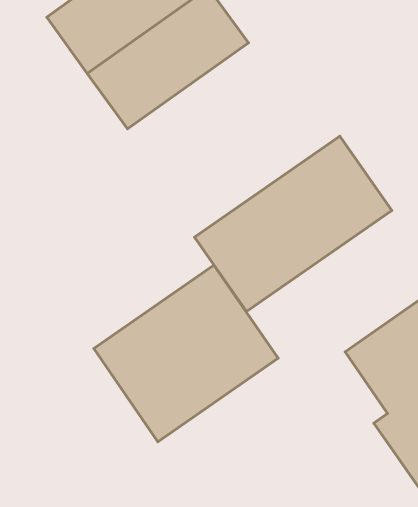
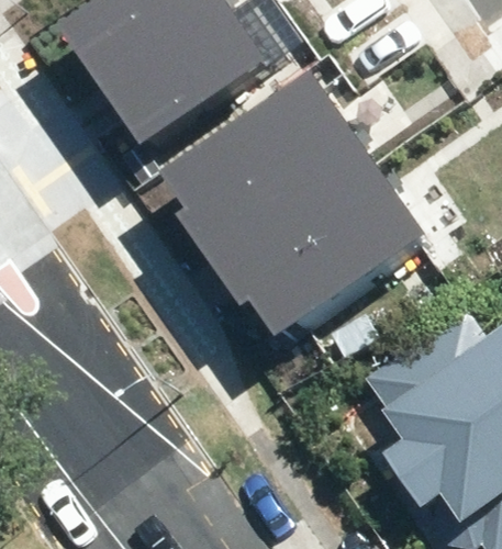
building: none -> [165,78,369,259]
building: [94,265,278,442] -> none

